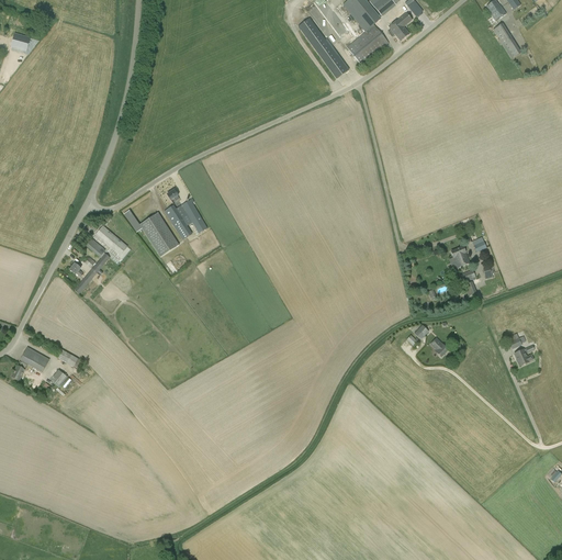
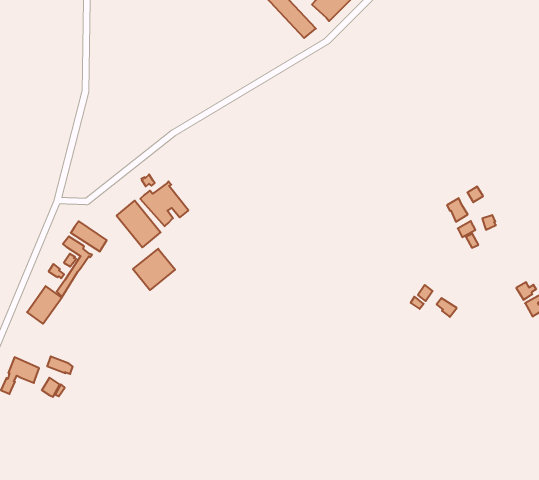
building: none -> [133,249,175,290]
building: none -> [27,286,62,324]

